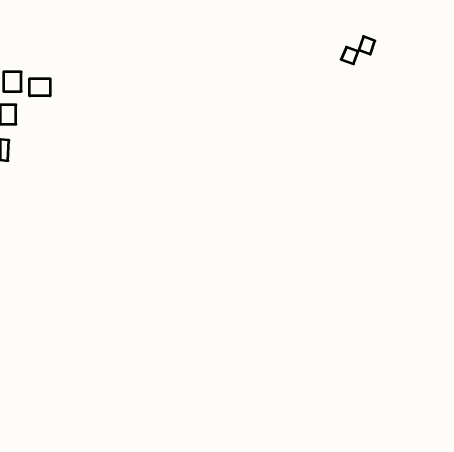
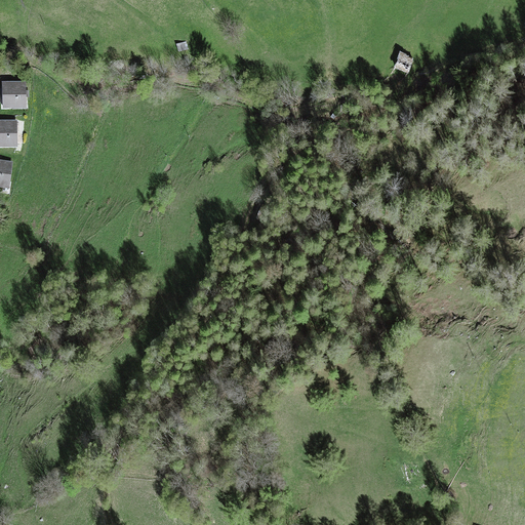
building: [30,79,50,96] -> none

